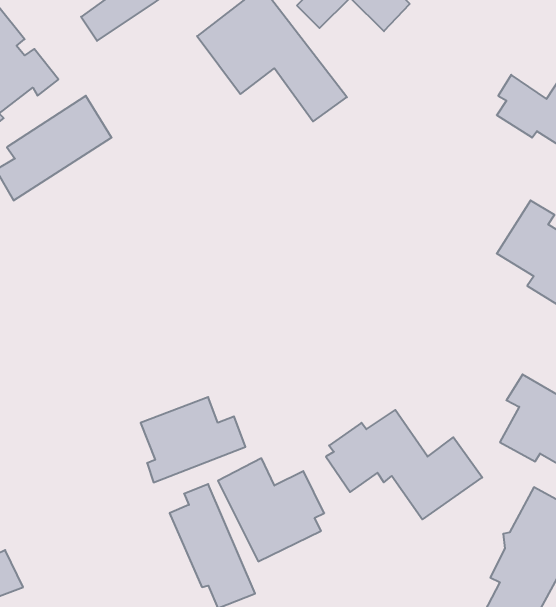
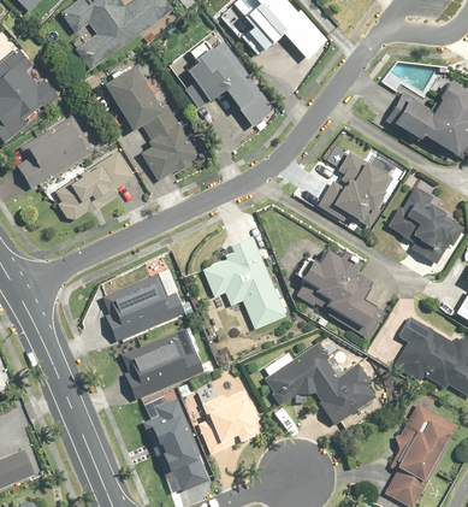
building: none -> [103,65,200,183]
building: none -> [52,148,137,220]
building: none -> [320,153,393,225]
building: none -> [196,237,289,332]
building: none -> [298,254,384,343]
building: none -> [102,275,186,344]

